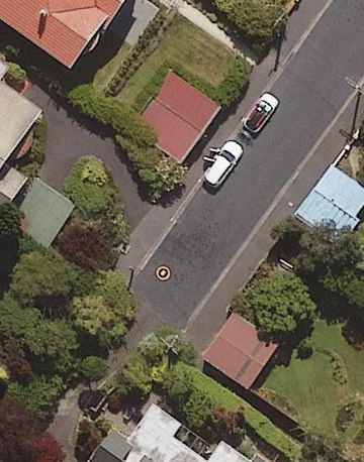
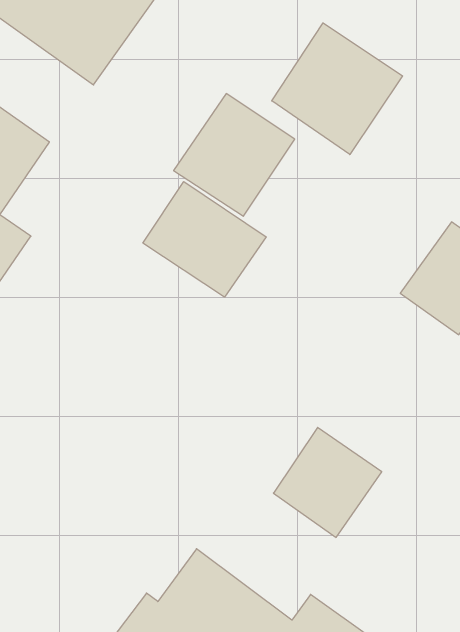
building: none -> [272,23,403,155]
building: none -> [143,182,266,297]

